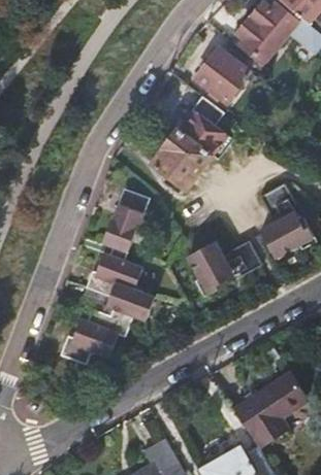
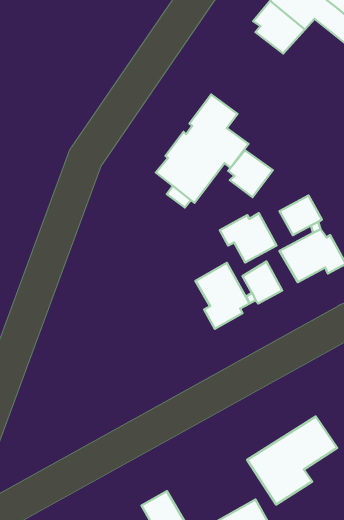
building: [195,47,250,100] -> none
building: none -> [228,150,273,197]
building: [60,188,155,365] -> none
building: none -> [220,213,277,263]

